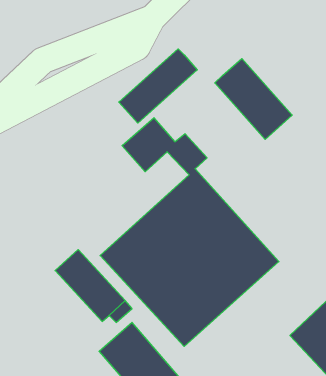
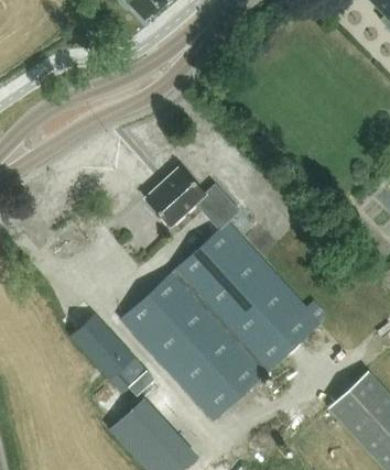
building: [119,49,197,123] -> none
building: [215,59,292,139] -> none

